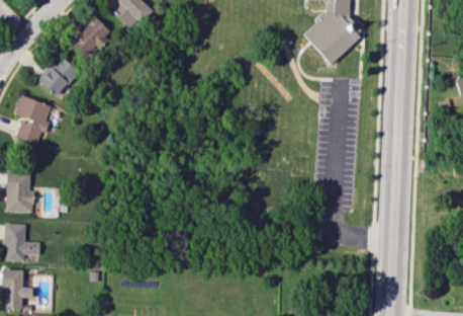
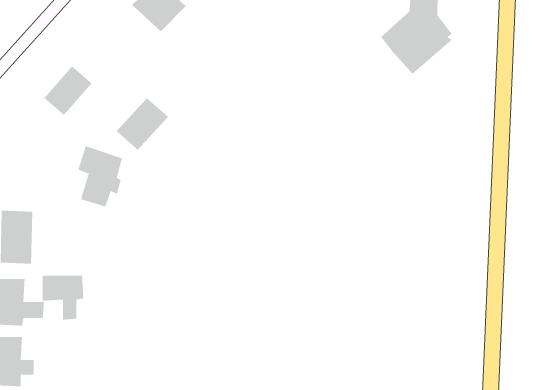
building: [71,17,112,59] -> [116,98,169,151]
building: [15,95,51,144] -> [78,145,123,207]
building: none -> [42,275,84,320]

